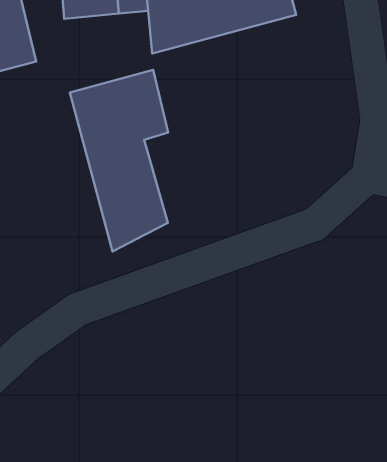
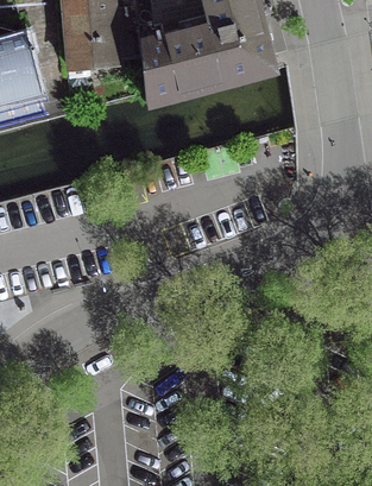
building: [70,70,168,251] -> none

